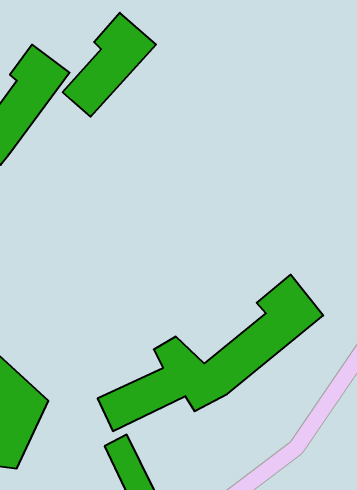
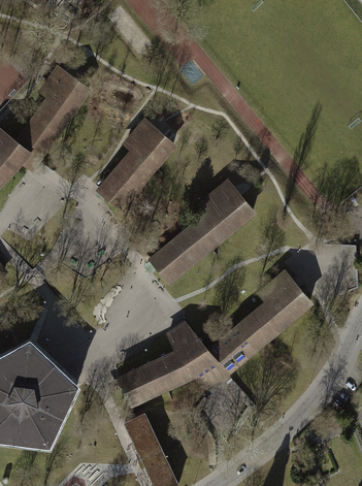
building: [63,13,156,117] -> [95,120,177,212]
building: none -> [147,181,257,285]

